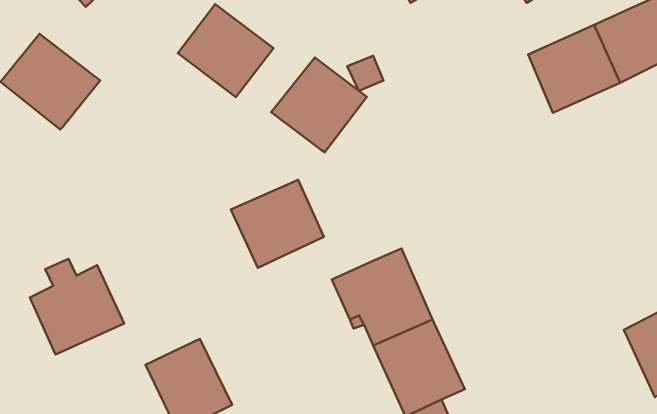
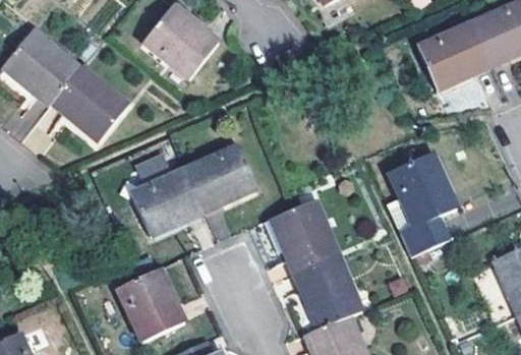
building: [271,58,367,152] -> none
building: none -> [51,63,128,139]
building: none -> [387,154,457,257]
building: [30,259,124,354] -> [130,162,205,237]

